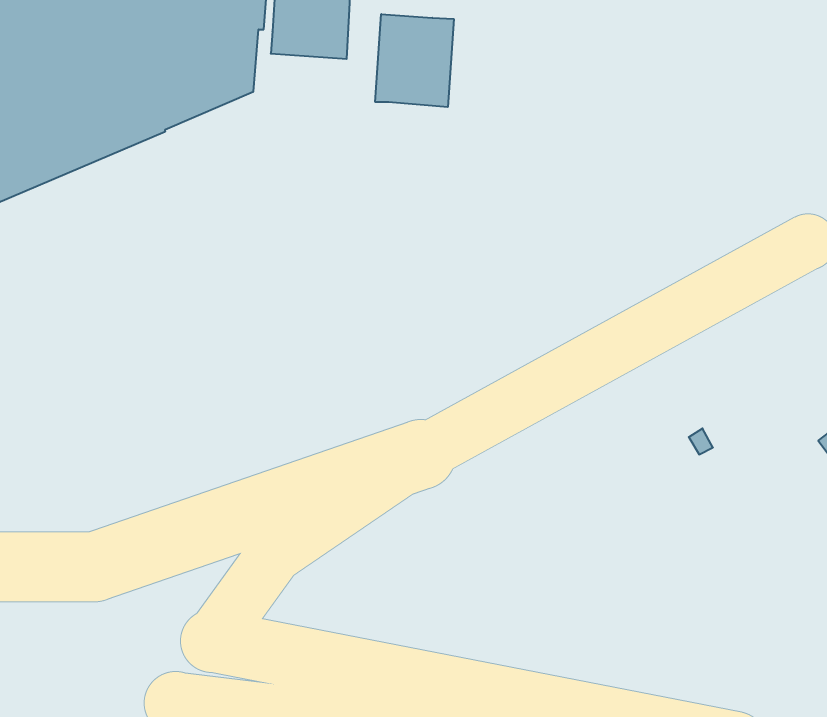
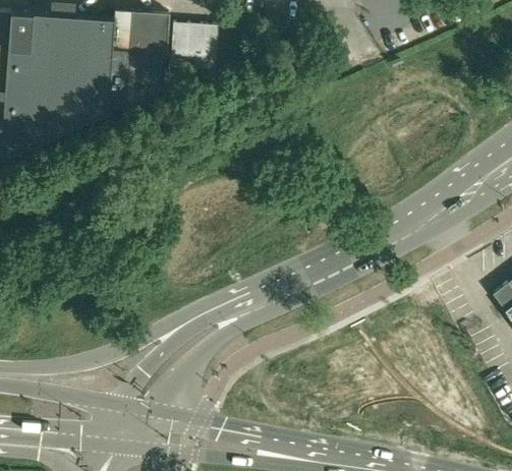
building: [375,14,454,107] -> none

